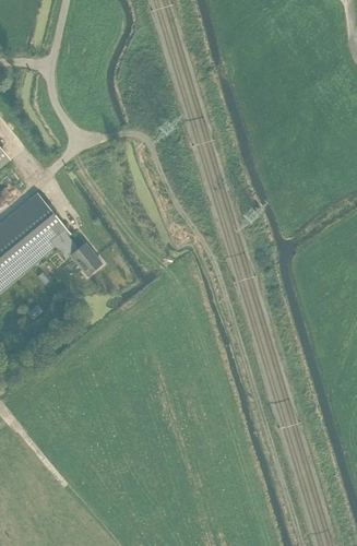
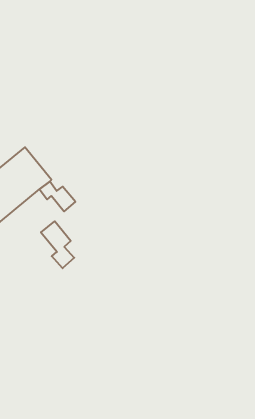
building: none -> [41,221,74,268]

